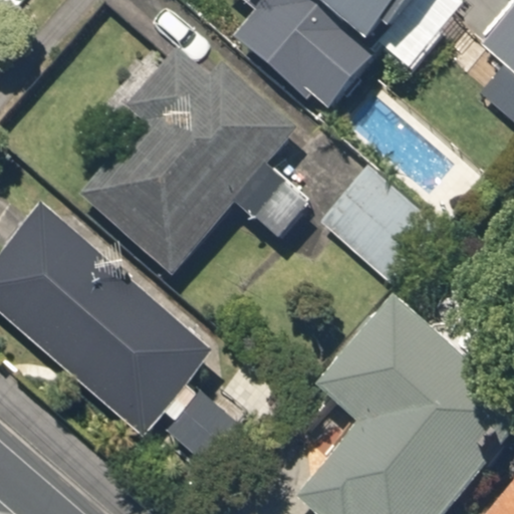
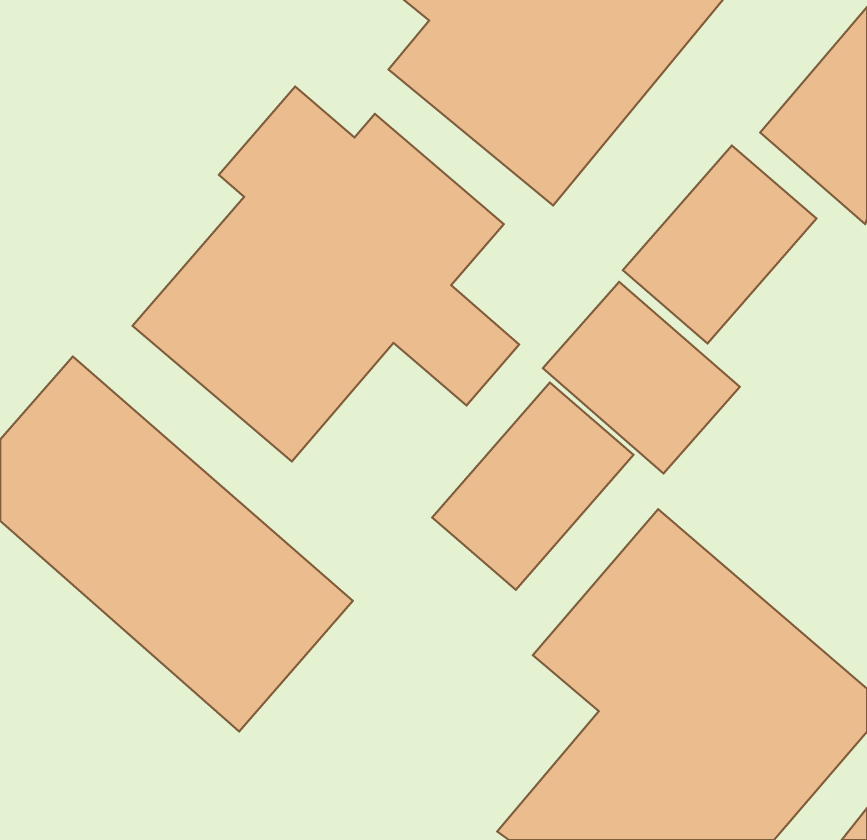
building: none -> [623,145,817,344]
building: none -> [432,383,634,590]

